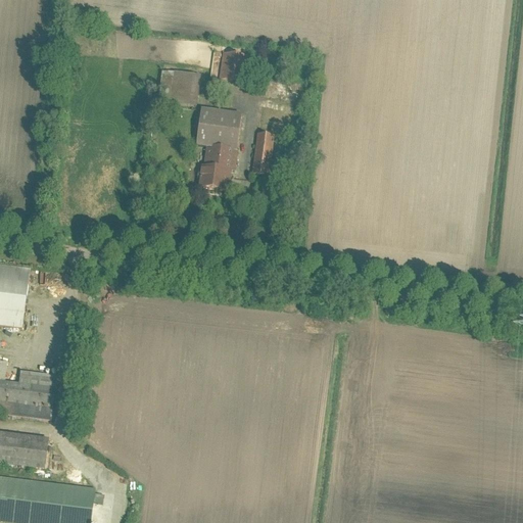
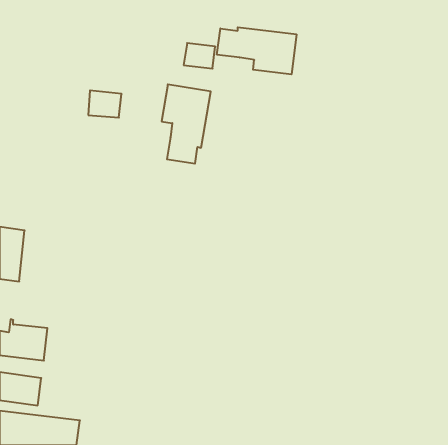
building: none -> [217,27,296,74]
building: [155,69,194,101] -> [88,90,122,118]
building: [249,133,274,179] -> none

